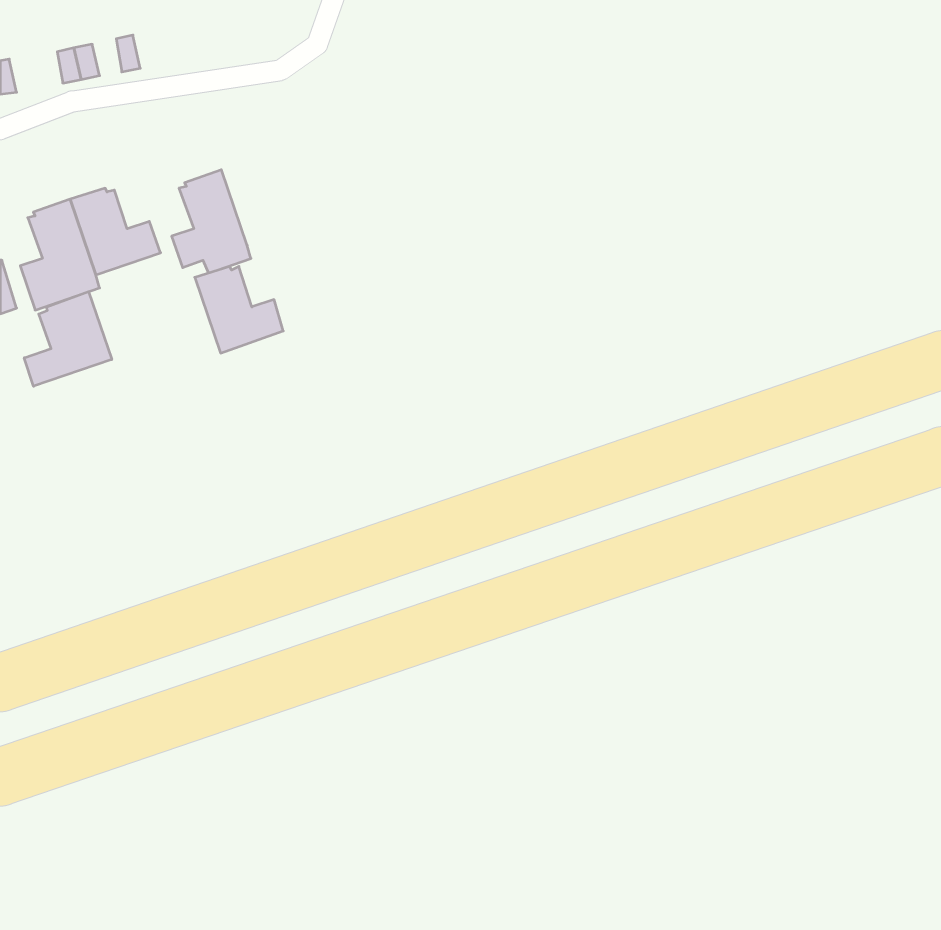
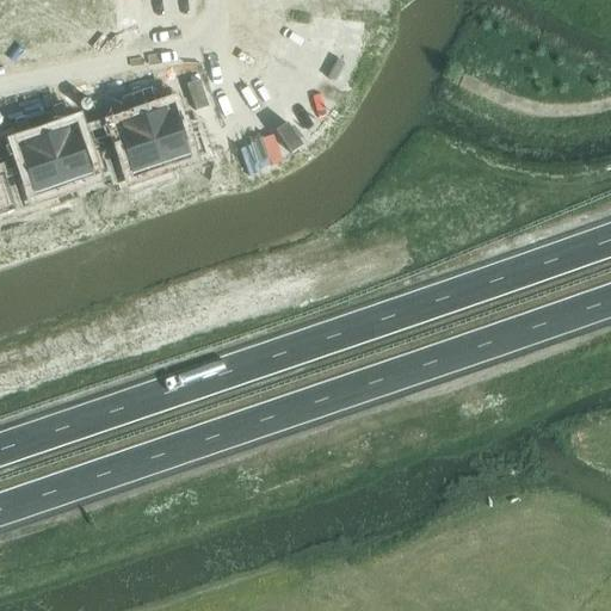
building: [195,266,283,353] -> [144,103,202,159]
building: [24,292,112,386] -> none

